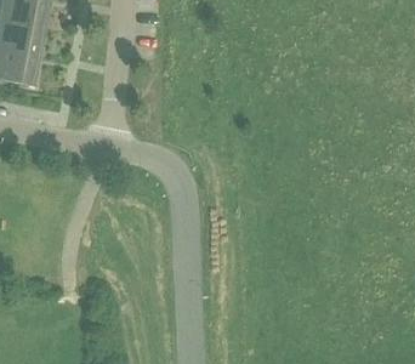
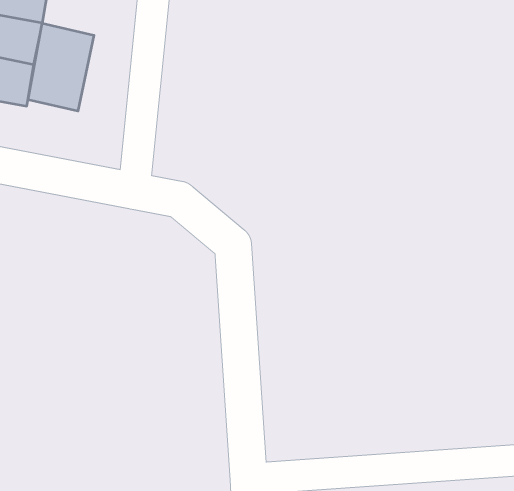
building: none -> [28,23,94,111]

